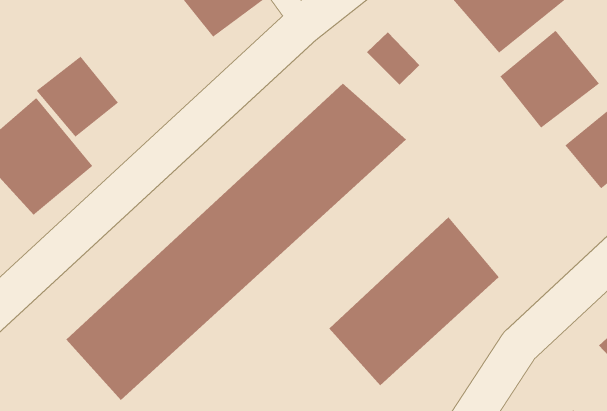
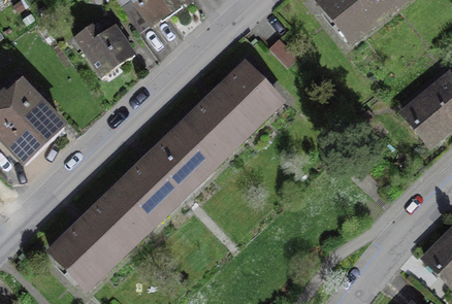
building: [500,30,600,128] -> none
building: [36,56,119,138] -> [74,12,133,70]
building: [328,217,500,386] -> none

